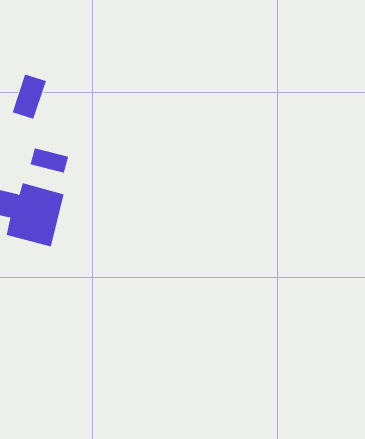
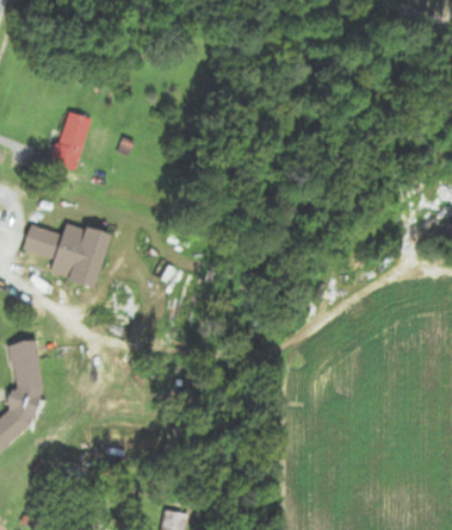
building: [30,147,69,173] -> none

